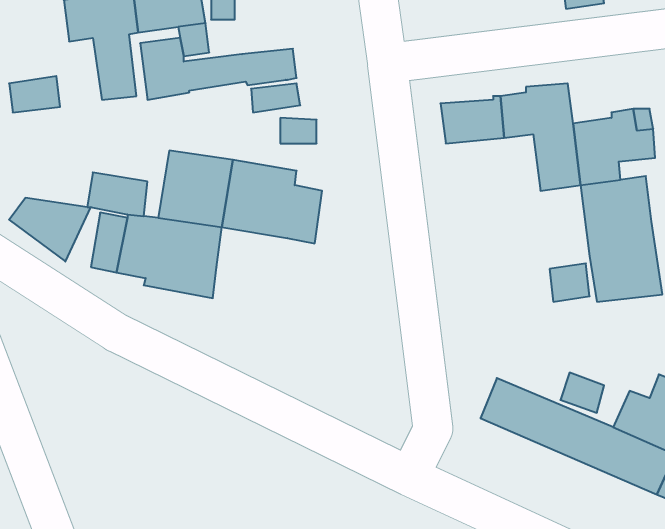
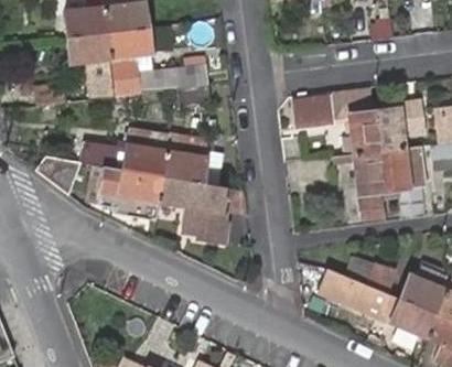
building: none -> [335,148,385,193]
building: none -> [159,173,226,238]

